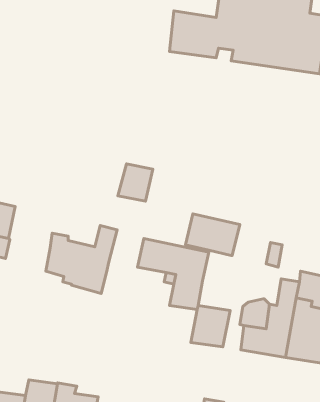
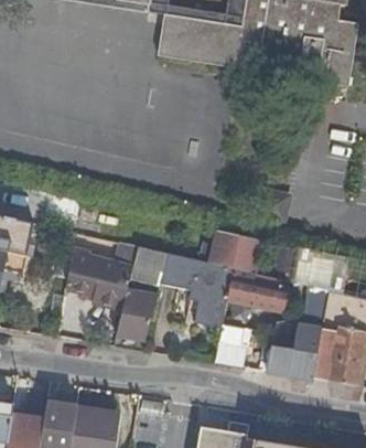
building: none -> [161,14,197,61]
building: [118,164,153,201] -> [130,246,166,285]
building: none -> [227,267,288,311]
building: none -> [117,290,155,340]

